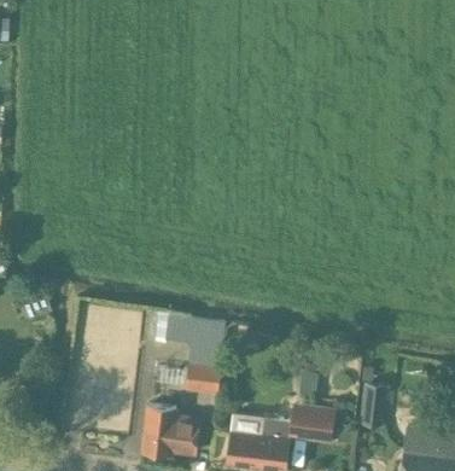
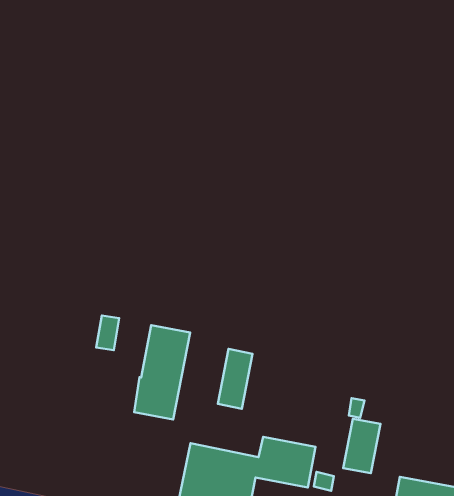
building: none -> [218,349,253,409]
building: [142,407,199,457] -> none

